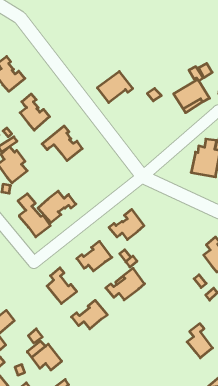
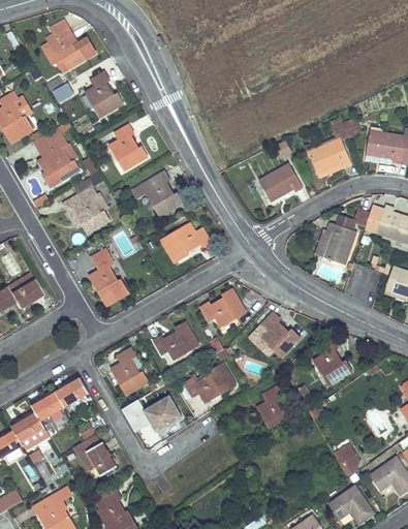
building: [97,71,133,103] -> [257,163,302,200]
building: [38,191,76,223] -> [161,222,210,260]
building: none -> [260,312,300,356]
building: none -> [56,377,89,406]
building: [187,324,213,358] -> [257,386,288,430]

